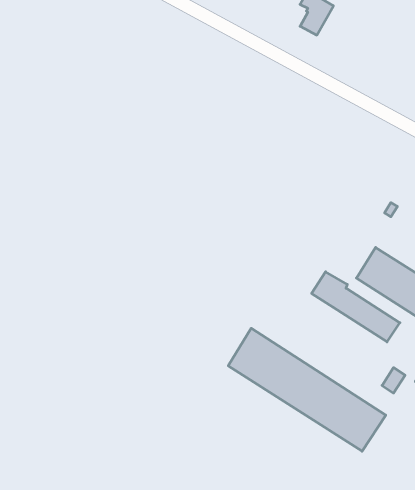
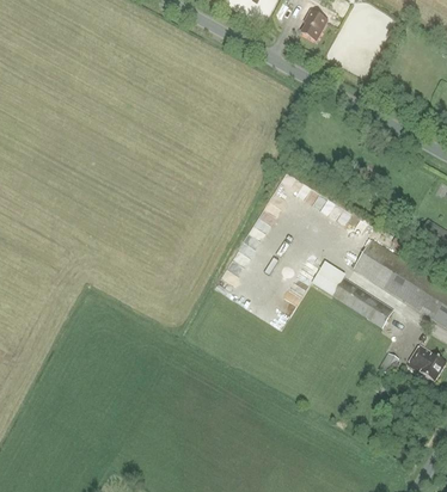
building: [228,328,386,451] -> none

